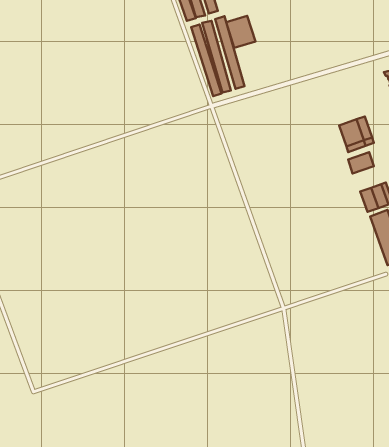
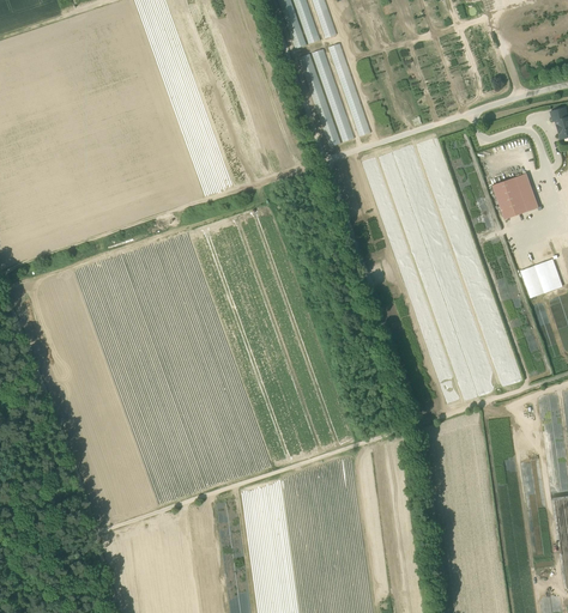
building: [226,16,255,48] -> none
building: [348,152,374,174] -> none

